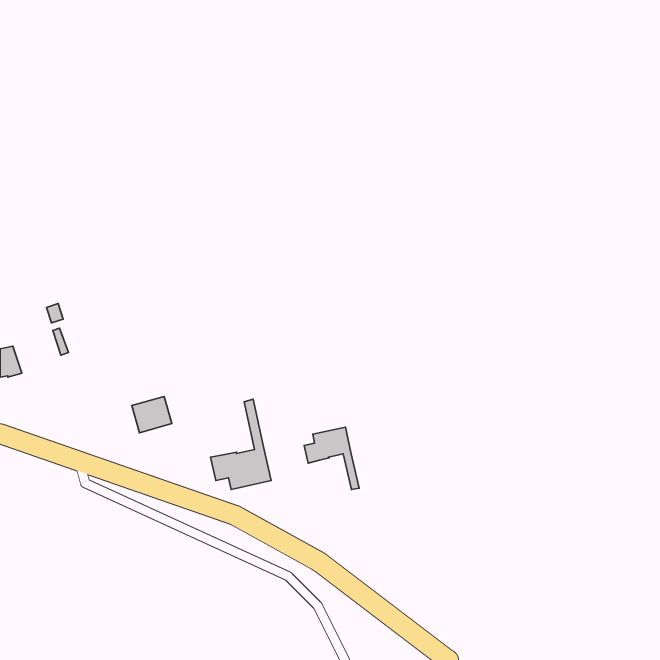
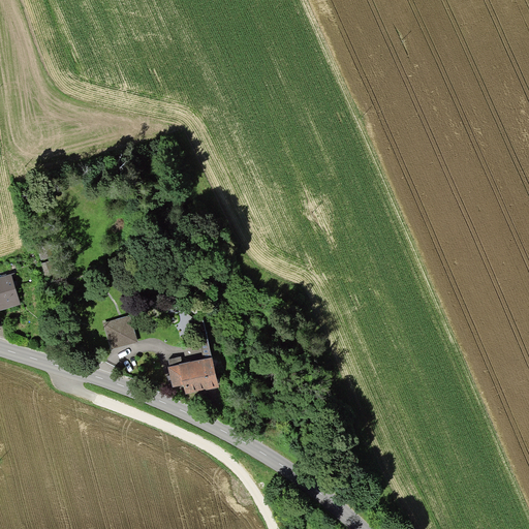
building: [304,427,359,490] -> none

